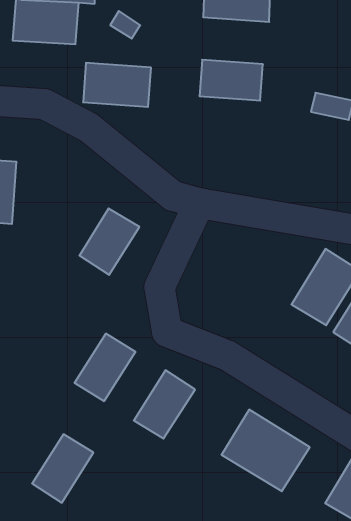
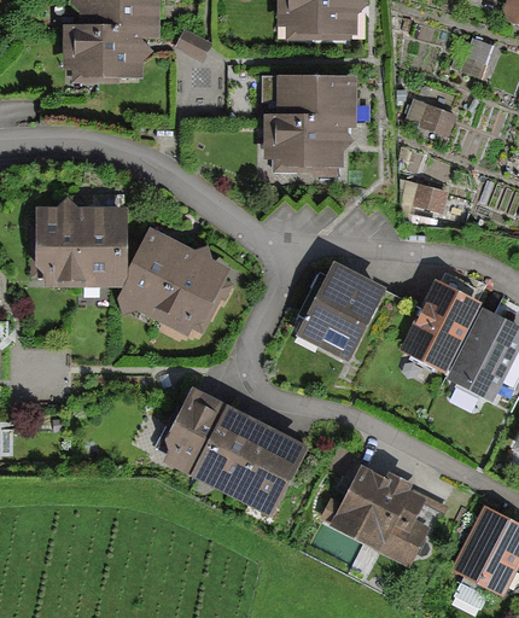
building: [83,63,151,107] -> [268,121,342,165]
building: none -> [402,183,451,221]
building: none -> [82,210,123,280]
building: none -> [124,235,189,310]
building: none -> [301,267,381,356]
building: [32,434,93,503] -> [200,414,267,491]

